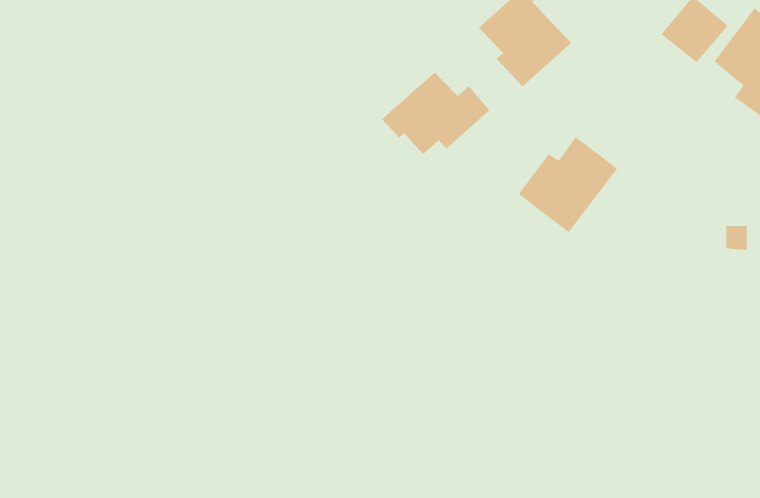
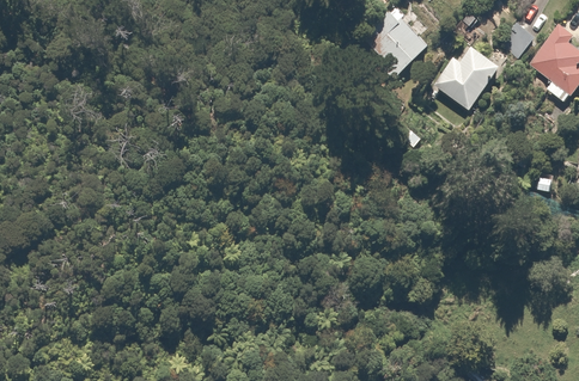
building: [381,72,490,155] -> none
building: [518,136,618,233] -> [432,43,502,111]

